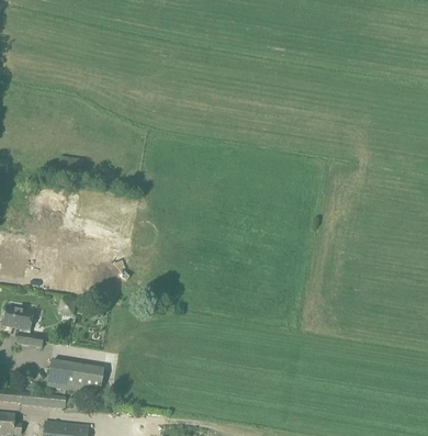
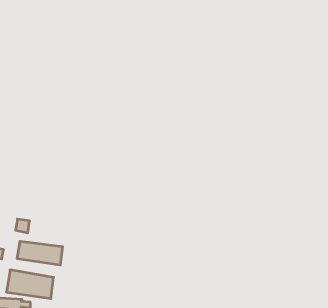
building: none -> [17,241,63,265]

